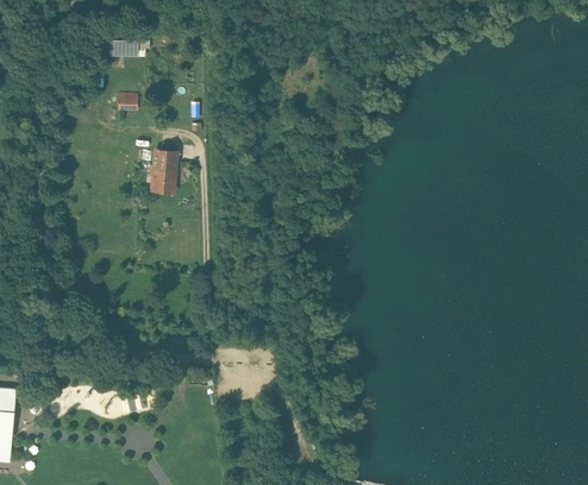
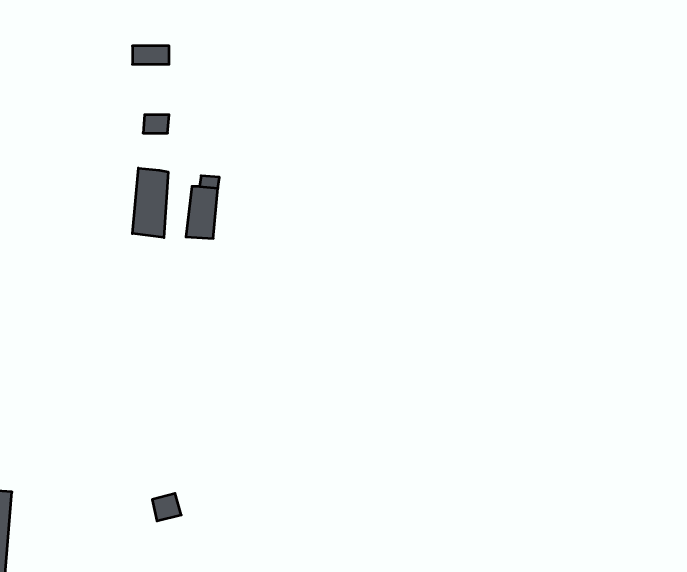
building: none -> [132,168,168,238]

